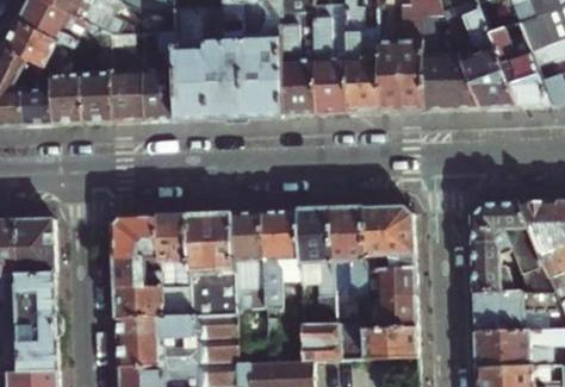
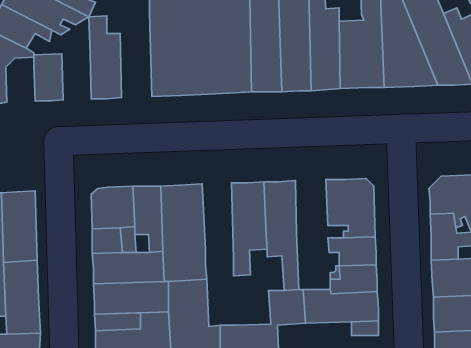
building: [143,30,176,119] -> none
building: [81,73,112,121] -> none
building: [21,76,52,124] -> none
building: [329,206,365,294] -> none
building: [230,210,263,297] -> none

